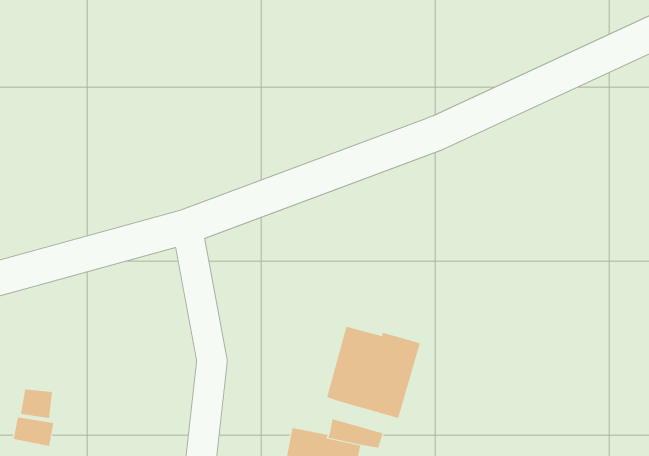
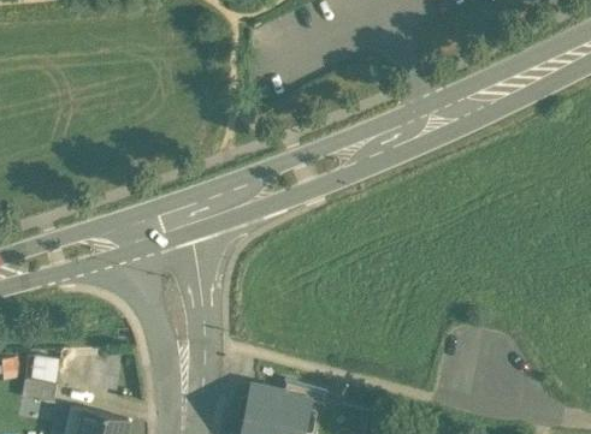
building: [326,326,421,419] -> none

